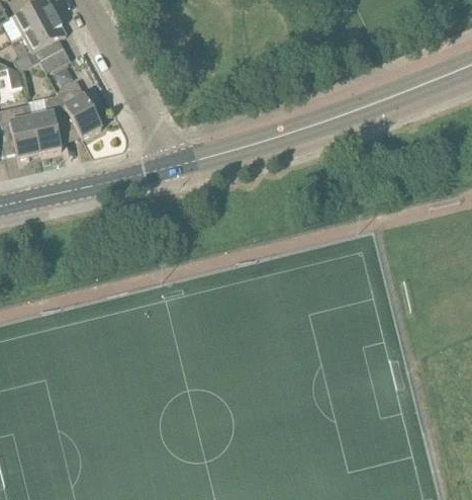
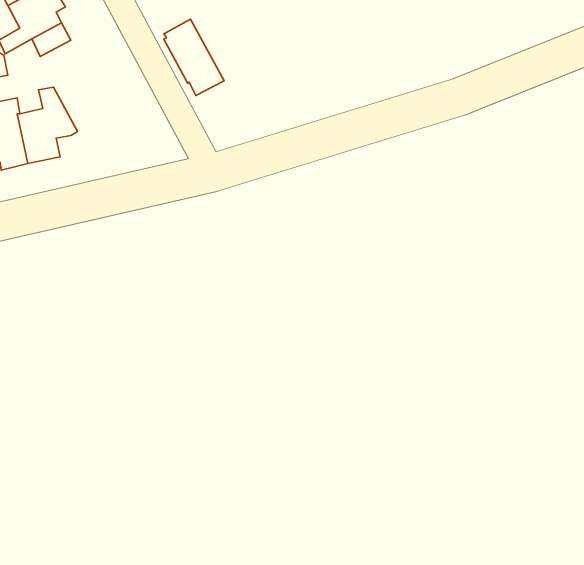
building: [57,79,102,137] -> [164,19,224,95]

